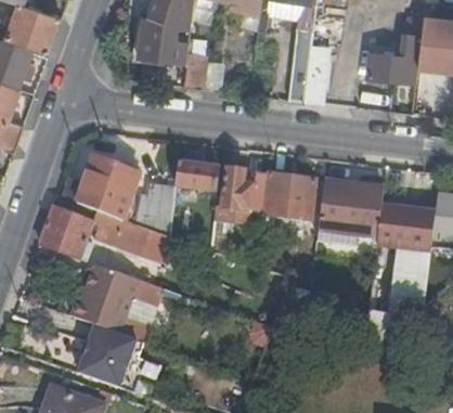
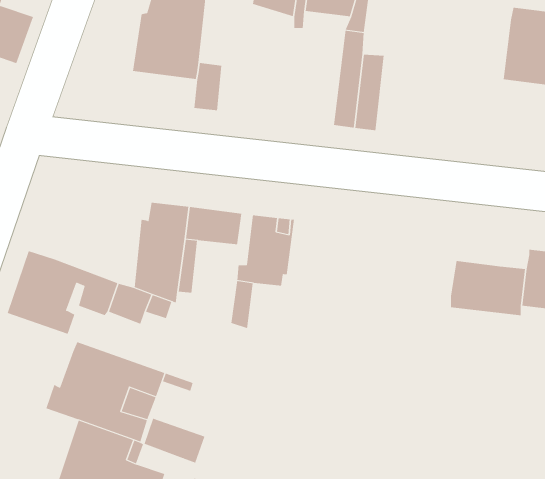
building: [367,17,423,81] -> none
building: [77,156,140,219] -> none
building: [254,171,316,220] -> none
building: [318,180,384,237] -> none
building: none -> [144,418,205,464]

